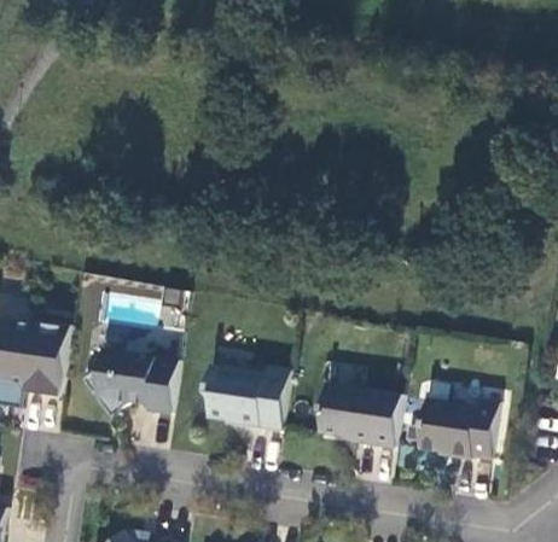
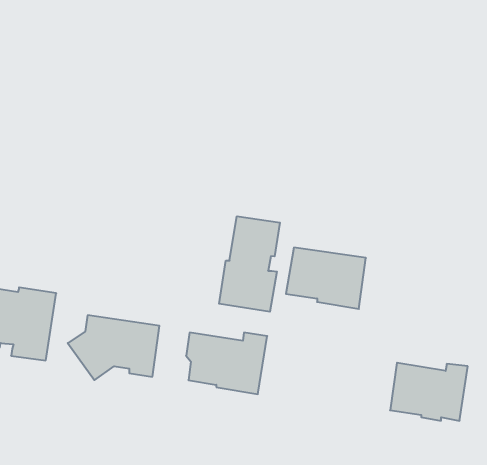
building: none -> [219,216,280,312]
building: [316,384,400,448] -> [286,248,366,309]

